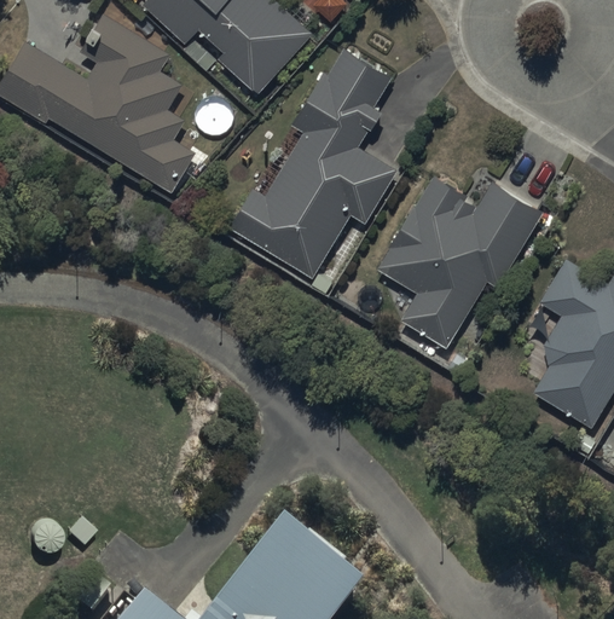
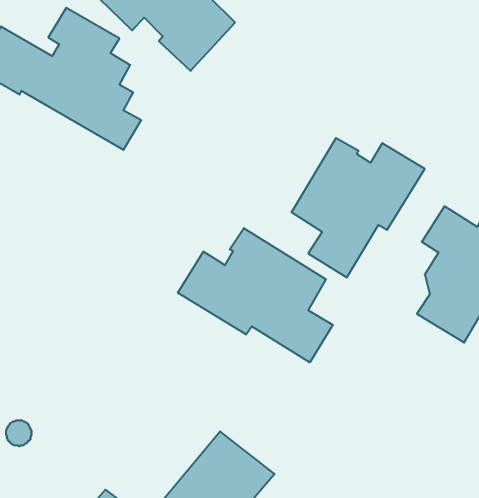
building: [228,48,396,278] -> none
building: none -> [178,228,333,362]

